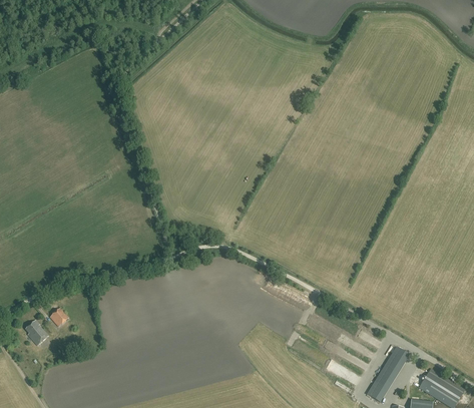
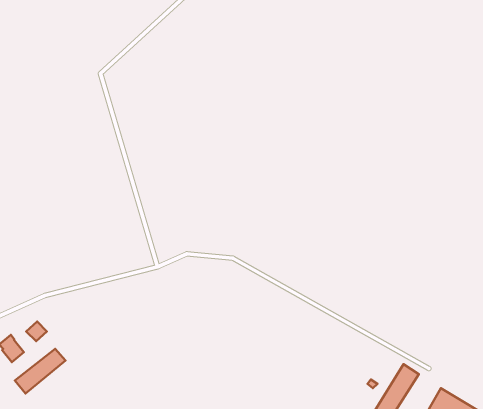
building: none -> [15,349,66,393]

